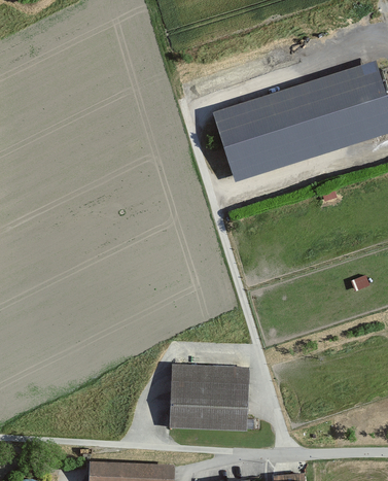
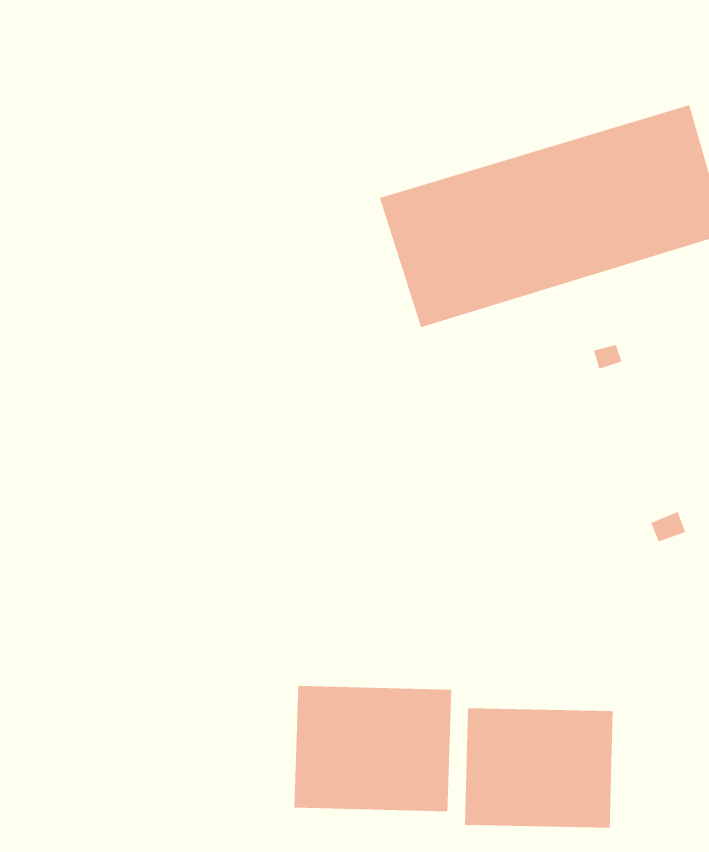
building: none -> [464,707,613,829]

